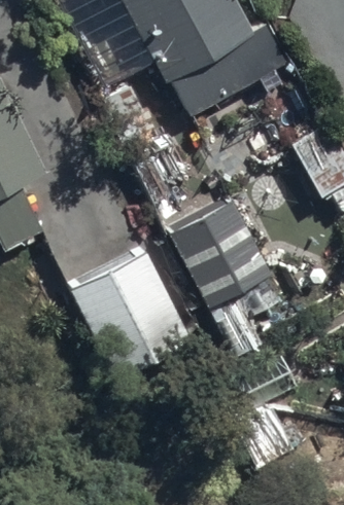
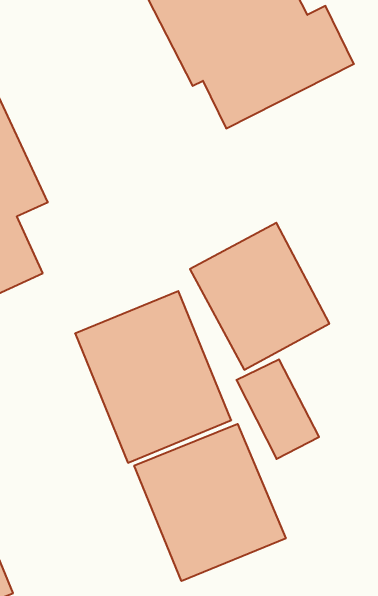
building: none -> [134,424,286,581]

